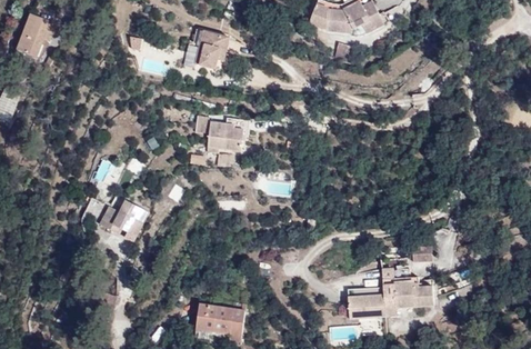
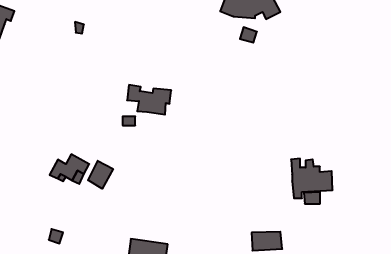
building: [194,30,228,67] -> none
building: none -> [88,161,113,189]
building: [381,267,432,316] -> [291,159,333,198]

